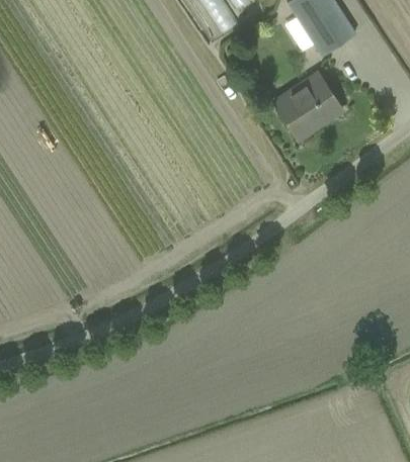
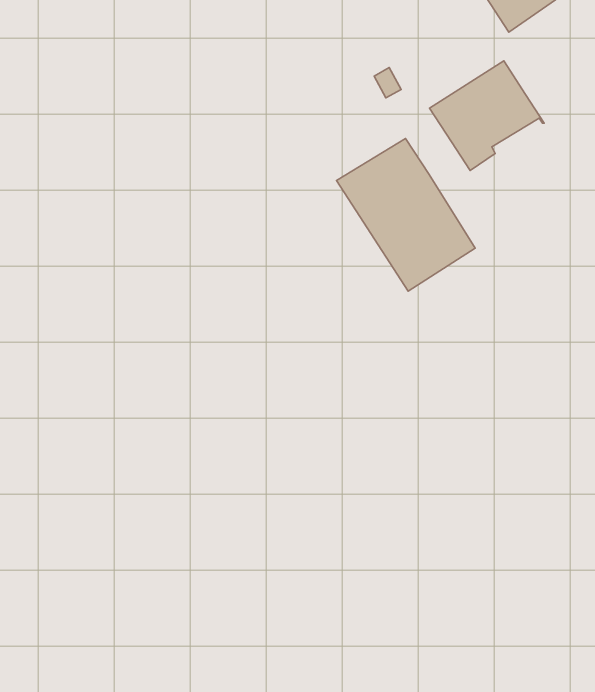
building: none -> [336,139,475,291]

